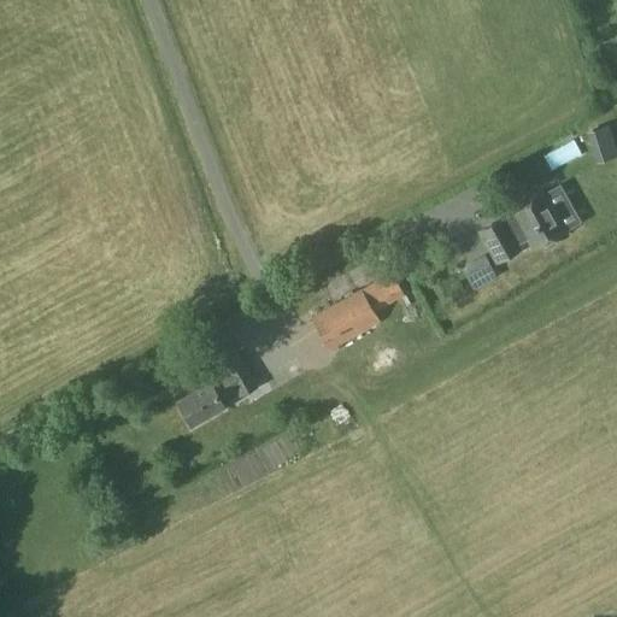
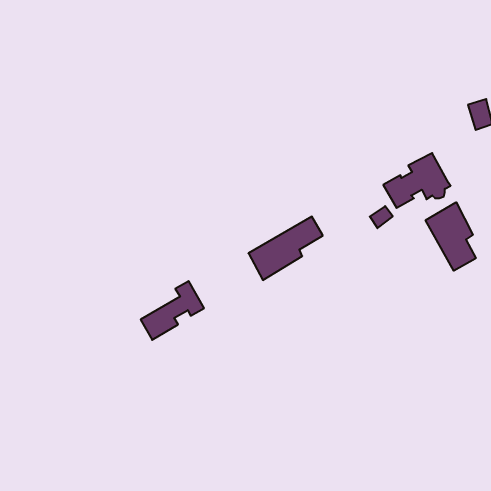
building: [542,182,581,230] -> none
building: none -> [426,202,476,271]

